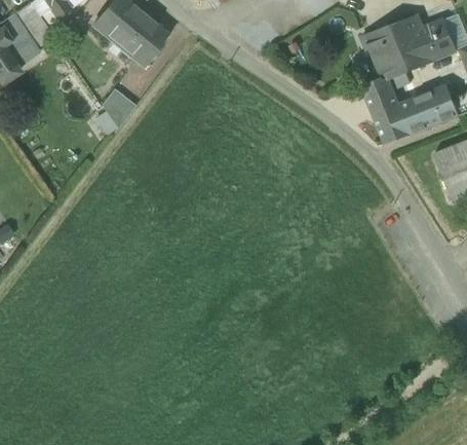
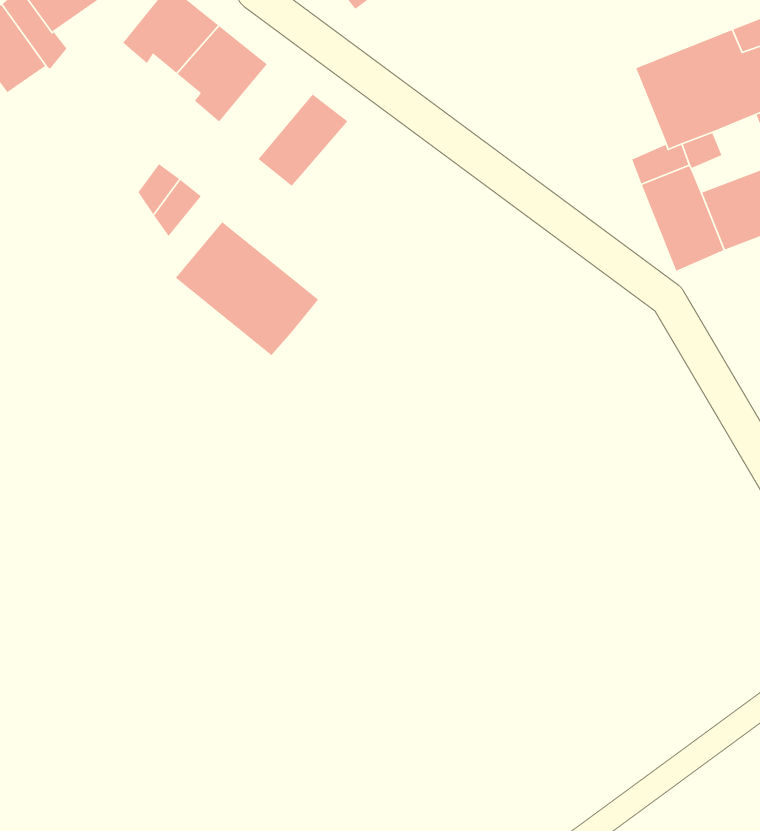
building: none -> [258,93,348,187]
building: none -> [175,221,319,356]

